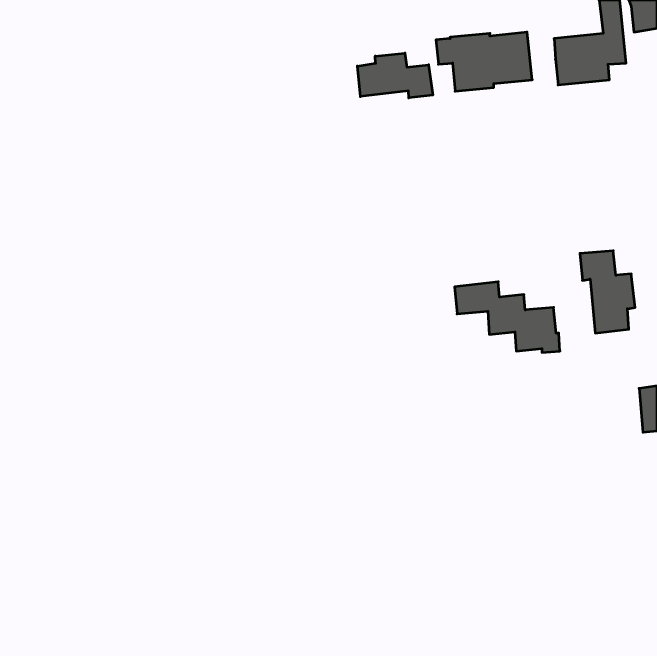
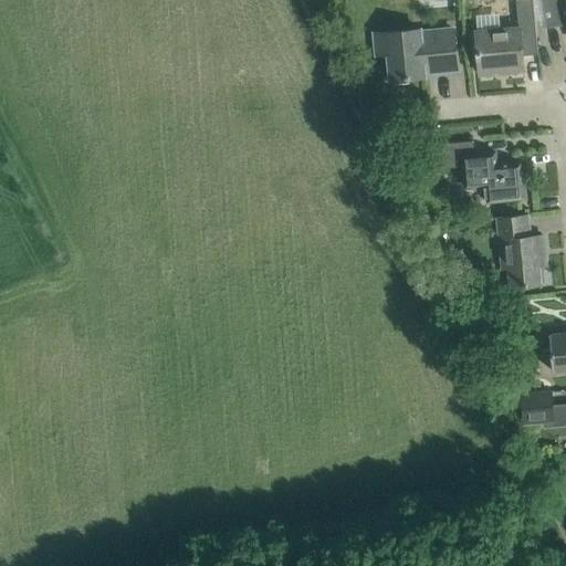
building: [357,53,433,98] -> none
building: [455,282,560,352] -> [436,142,526,202]
building: none -> [522,392,554,423]

